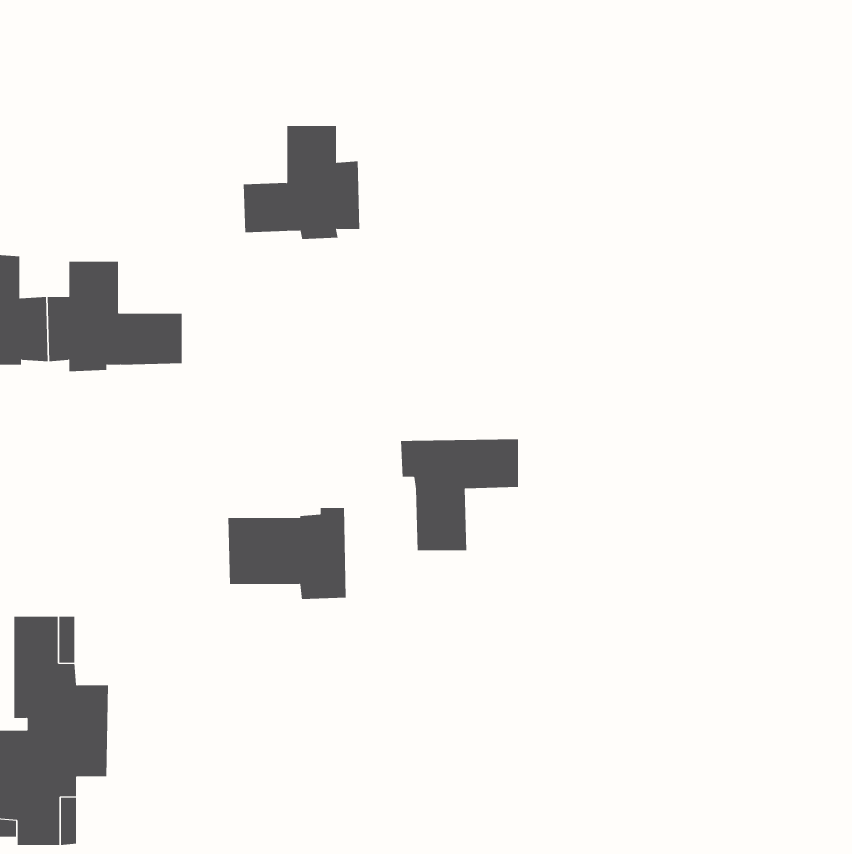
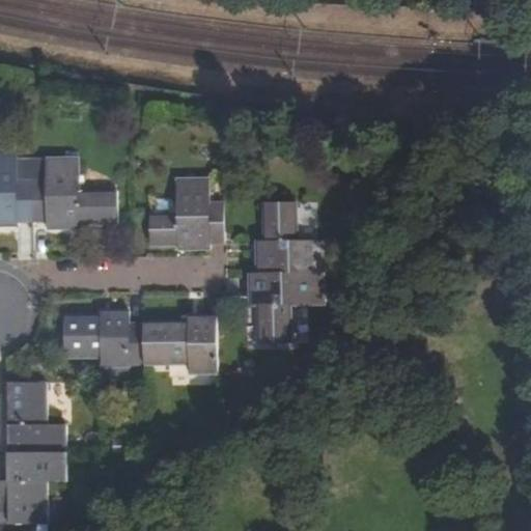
building: [243,126,360,240] -> [148,178,221,249]
building: none -> [255,202,328,273]
building: none -> [62,307,142,364]

